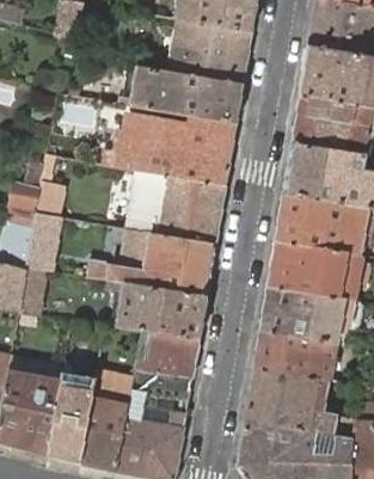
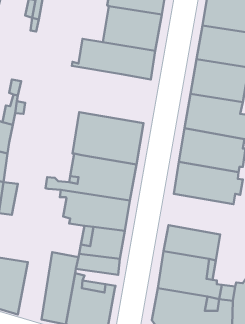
building: [102,116,237,185] -> none
building: [27,213,60,271] -> none
building: [262,285,361,344] -> none
building: [48,363,97,463] -> none

